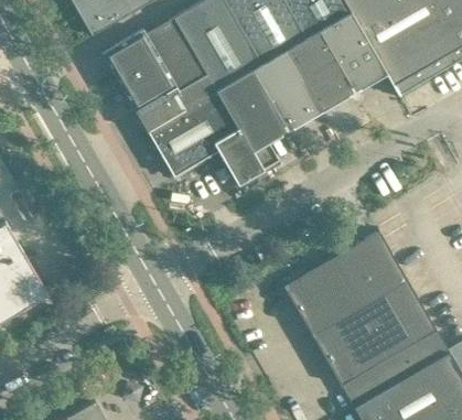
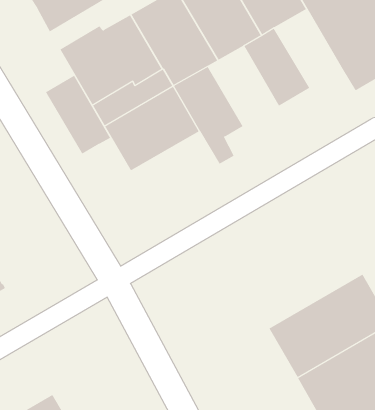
building: [319,12,387,91] -> none
building: [253,50,323,130] -> none
building: none -> [45,75,111,154]
building: [218,136,264,184] -> none
building: [284,229,408,334] -> none

